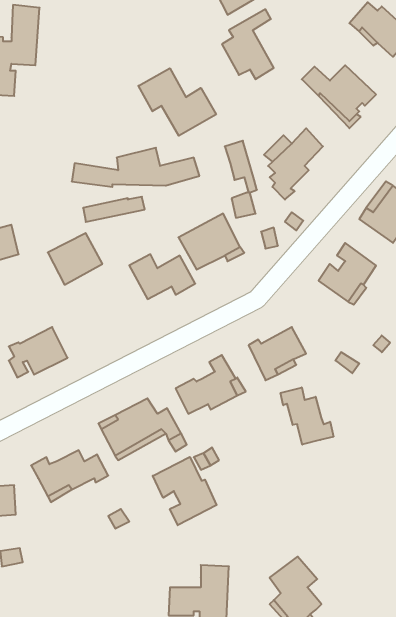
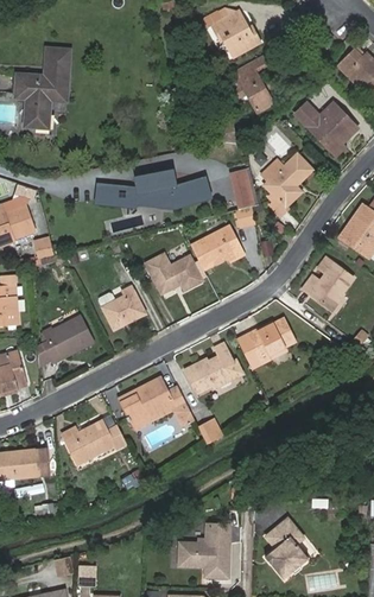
building: [138,68,216,136] -> none
building: [48,233,102,285] -> [99,290,145,334]
building: [281,387,333,445] -> none
building: [153,457,217,525] -> none

